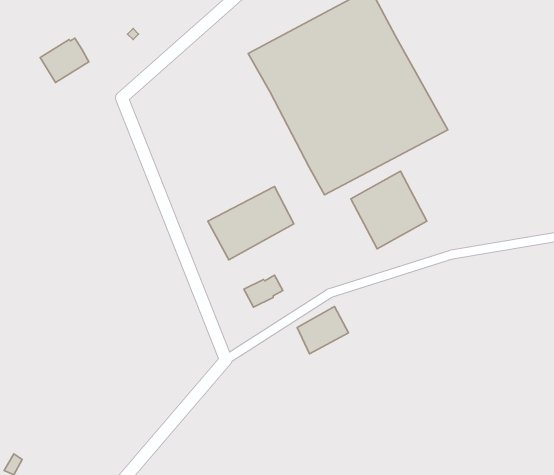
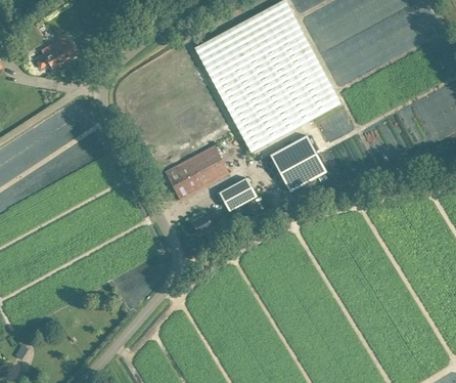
building: [297,307,348,354] -> [219,176,257,211]

